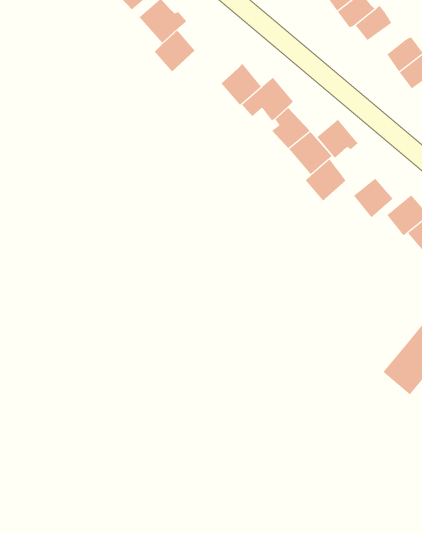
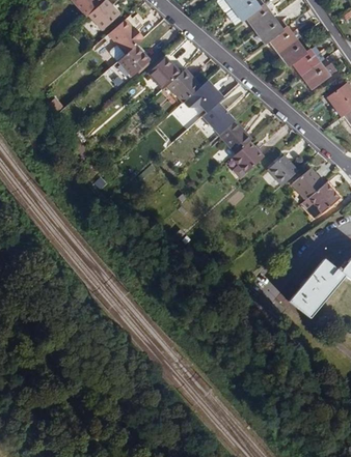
building: none -> [277,39,306,66]
building: none -> [147,58,180,89]
building: [316,119,359,158] -> none

